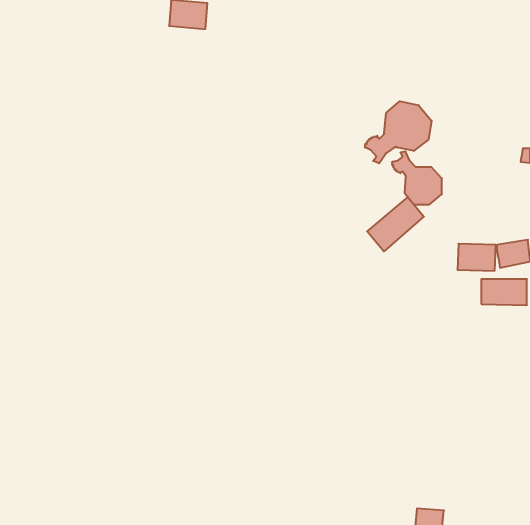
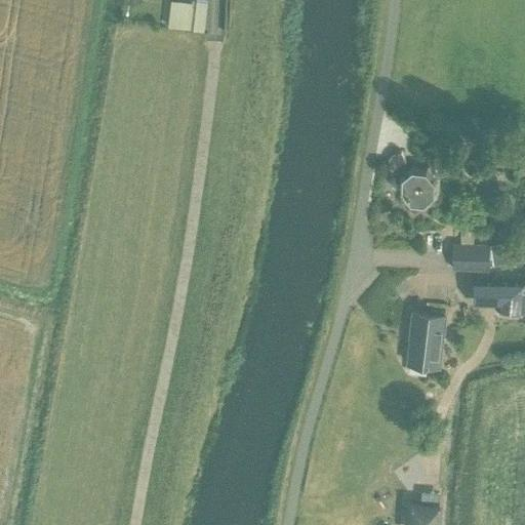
building: [365,101,432,163] -> none
building: [367,197,424,251] -> none
building: none -> [409,316,446,371]

